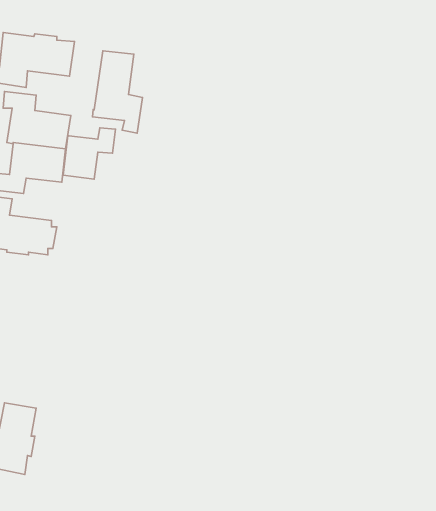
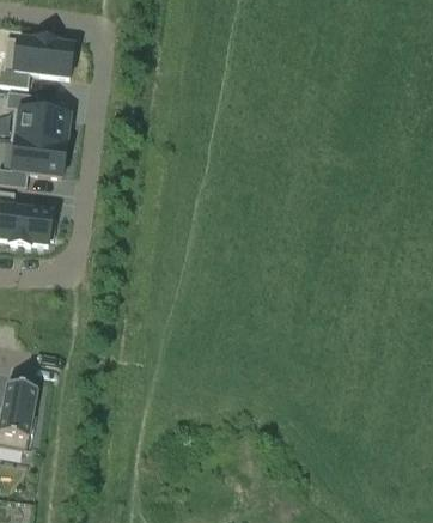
building: [92,51,142,133] -> none
building: [63,128,115,179] -> none

